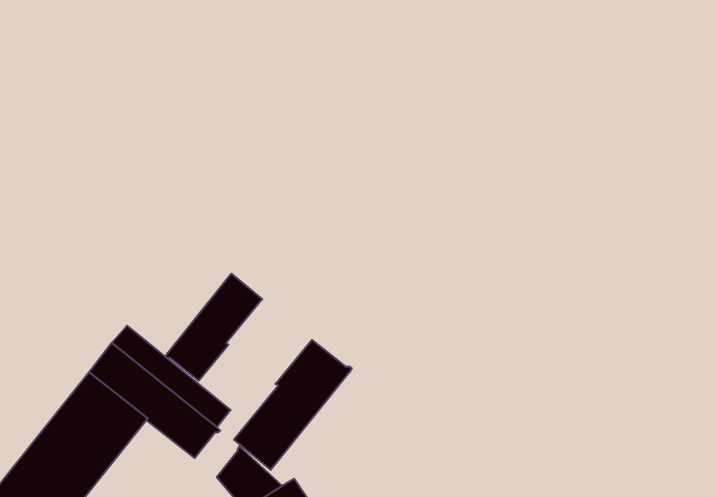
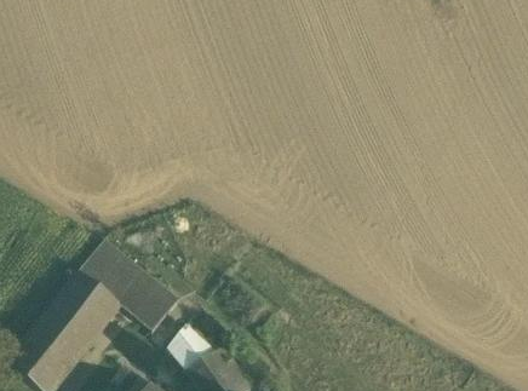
building: [165,274,262,381] -> none
building: [234,340,352,470] -> none

